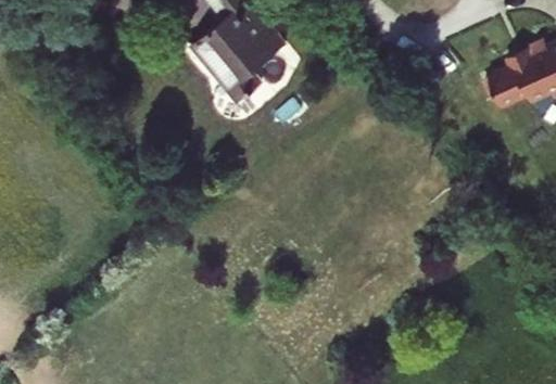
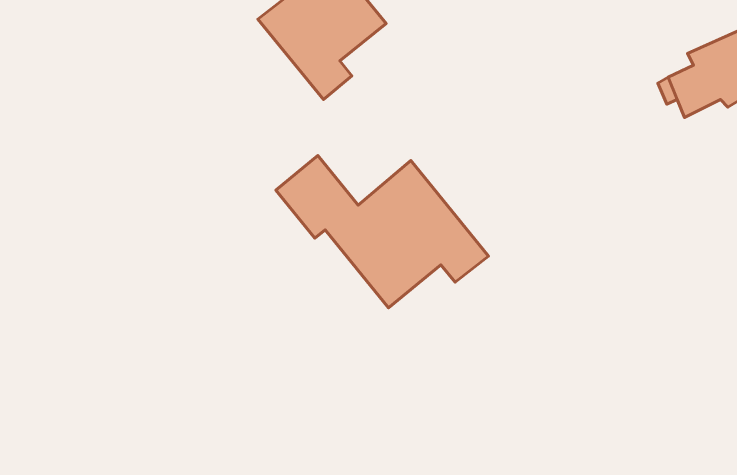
building: none -> [276,155,489,308]

